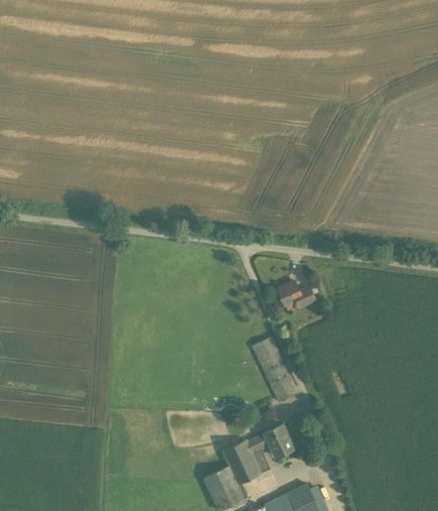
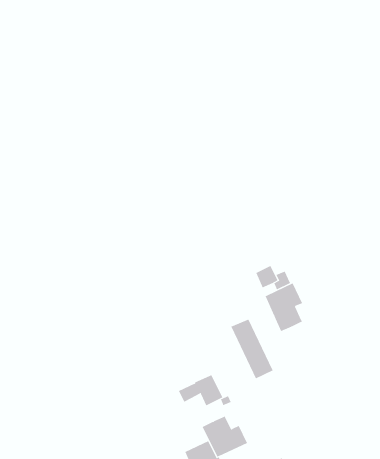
building: none -> [265,282,303,332]
building: [247,424,294,458] -> [178,375,223,406]

